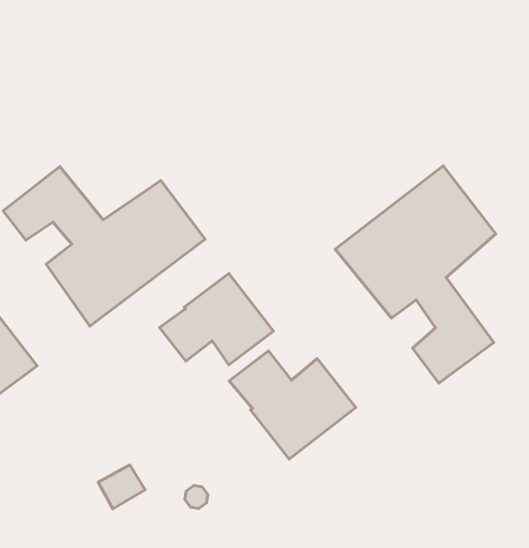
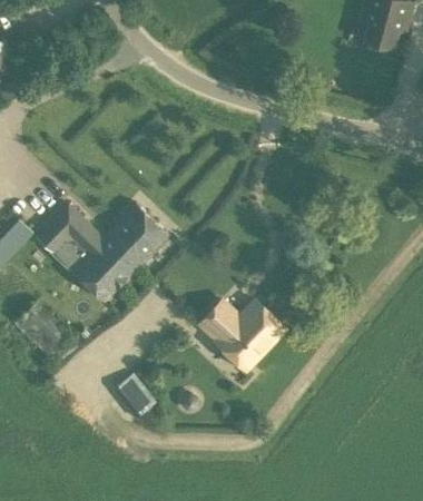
building: [335,166,496,383] -> none
building: [159,273,273,365] -> none

